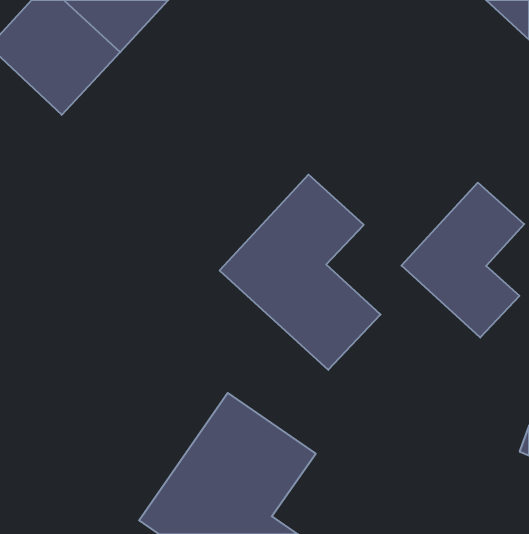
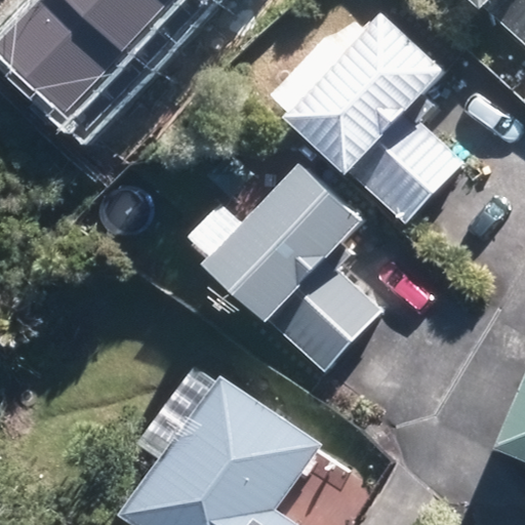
building: none -> [297,22,454,213]
building: [401,183,524,338] -> none

